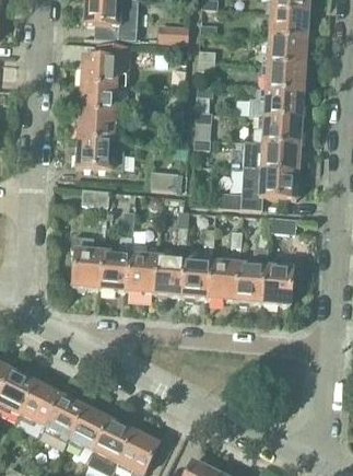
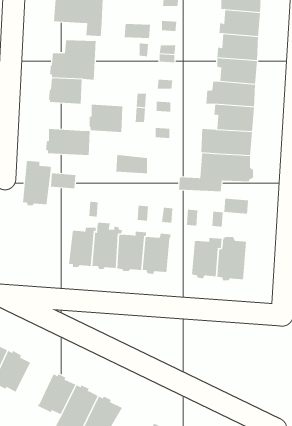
building: [77,113,114,143] -> [89,104,123,132]
building: [72,241,104,290] -> [22,161,51,206]
building: [207,257,239,302] -> none
building: [37,395,83,450] -> none

